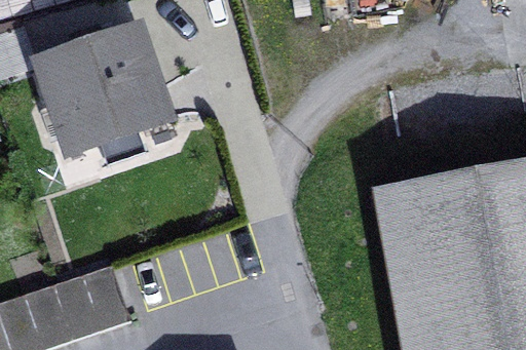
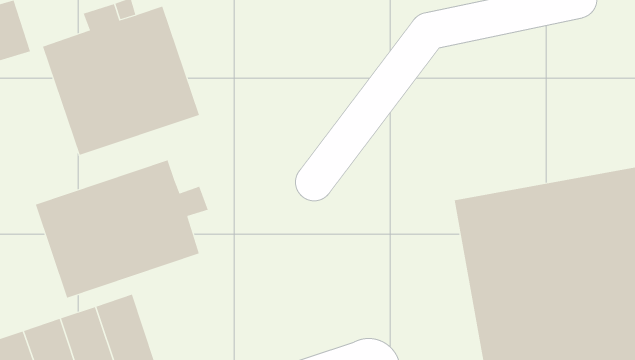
building: none -> [35,159,208,298]

